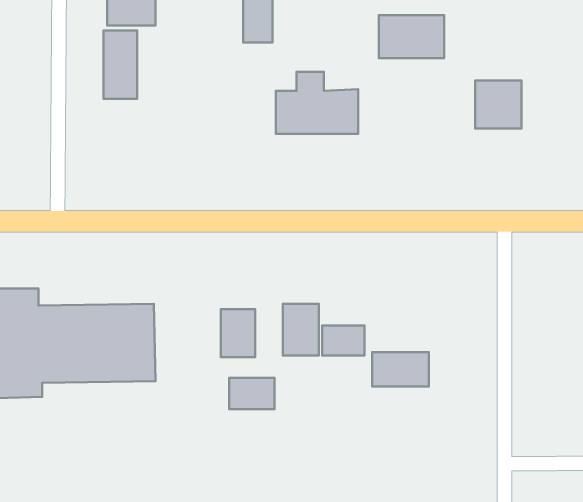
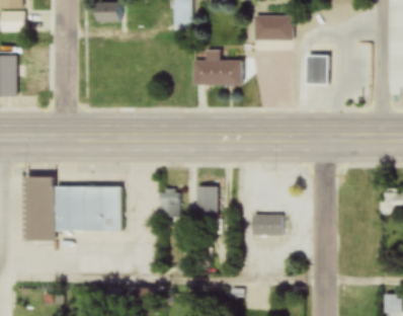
building: [103,30,137,99] -> none
building: [322,326,364,356] -> none
building: [229,378,275,409] -> none

